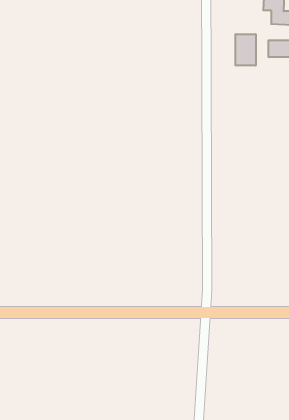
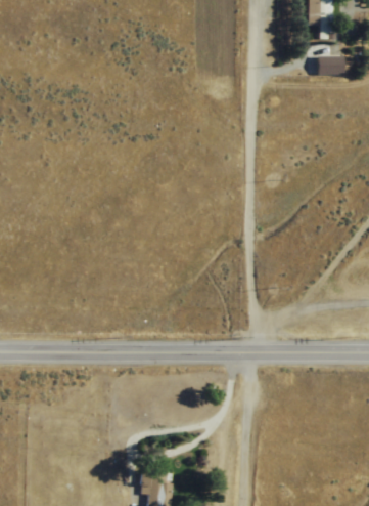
building: [236,34,256,66] -> none

